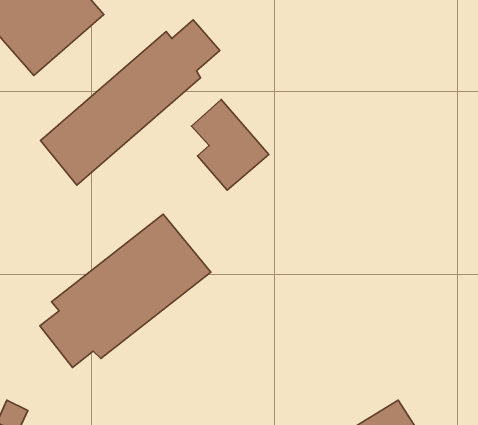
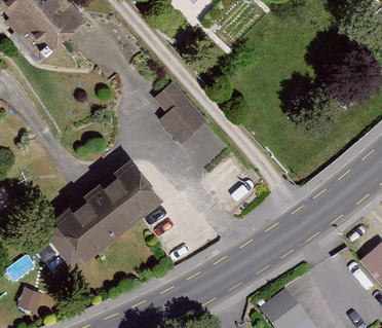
building: [41,20,220,185] -> none

